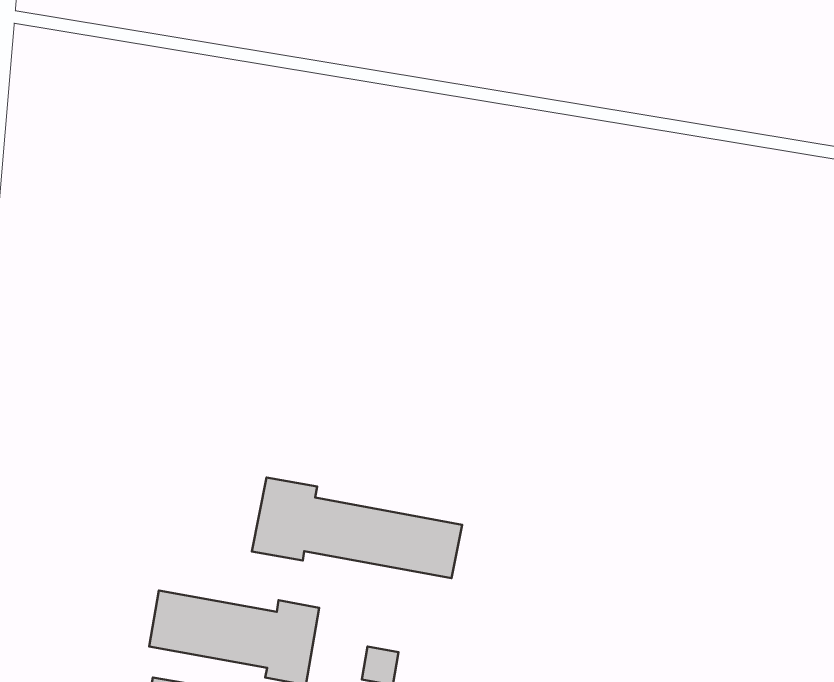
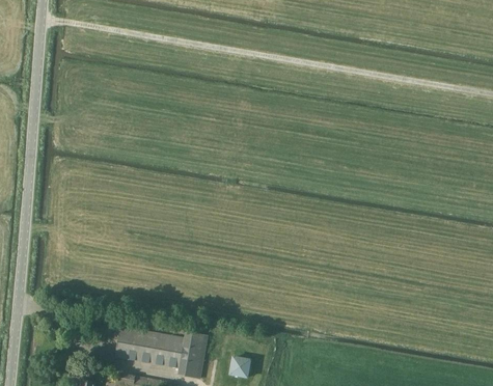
building: [252,478,462,578] -> none

